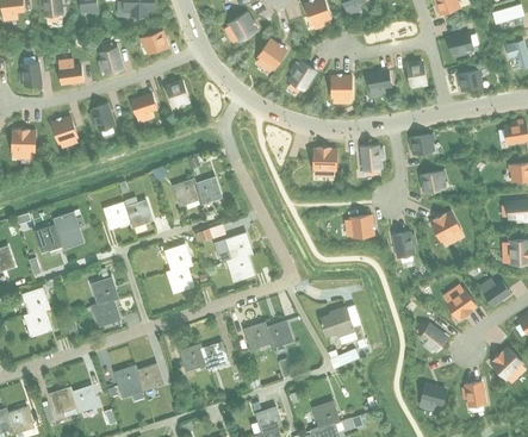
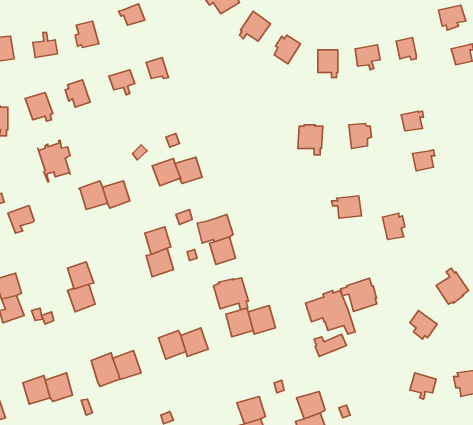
building: [52,210,83,249] -> [38,141,70,182]
building: [430,211,462,241] -> none
building: none -> [213,278,248,310]
building: none -> [340,278,377,312]

